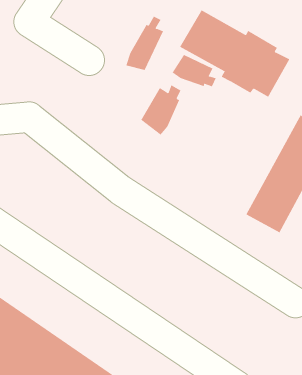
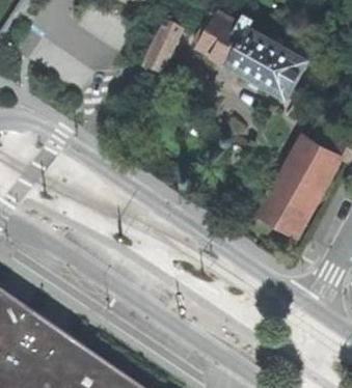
building: [172,54,217,87] -> none
building: [140,84,181,136] -> none

